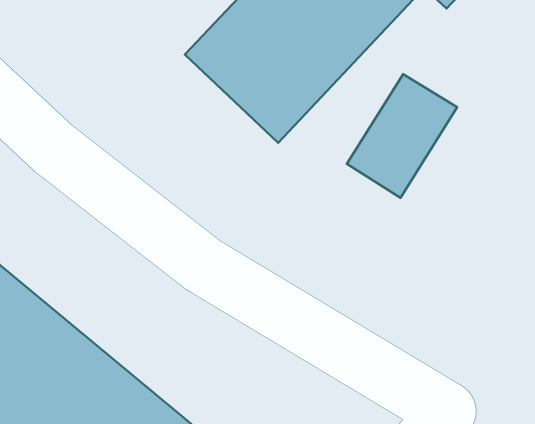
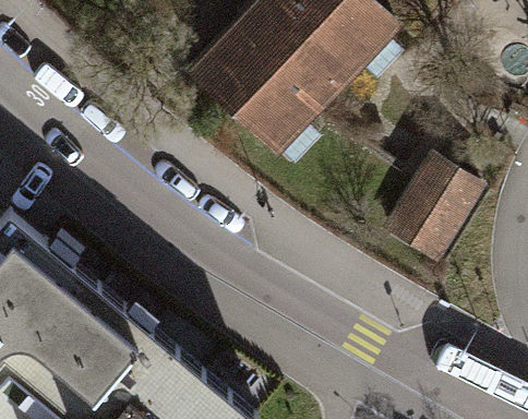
building: [347,74,457,198] -> [383,166,475,268]

